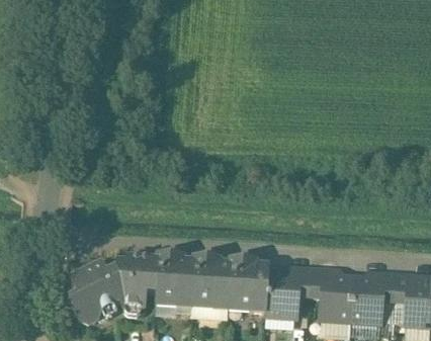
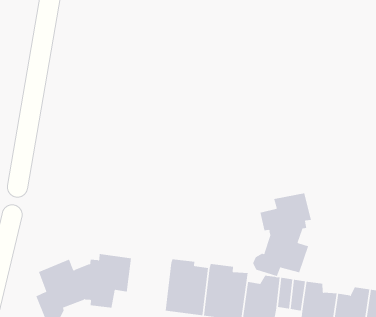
building: none -> [253,193,311,277]
building: [156,257,194,309] -> none

